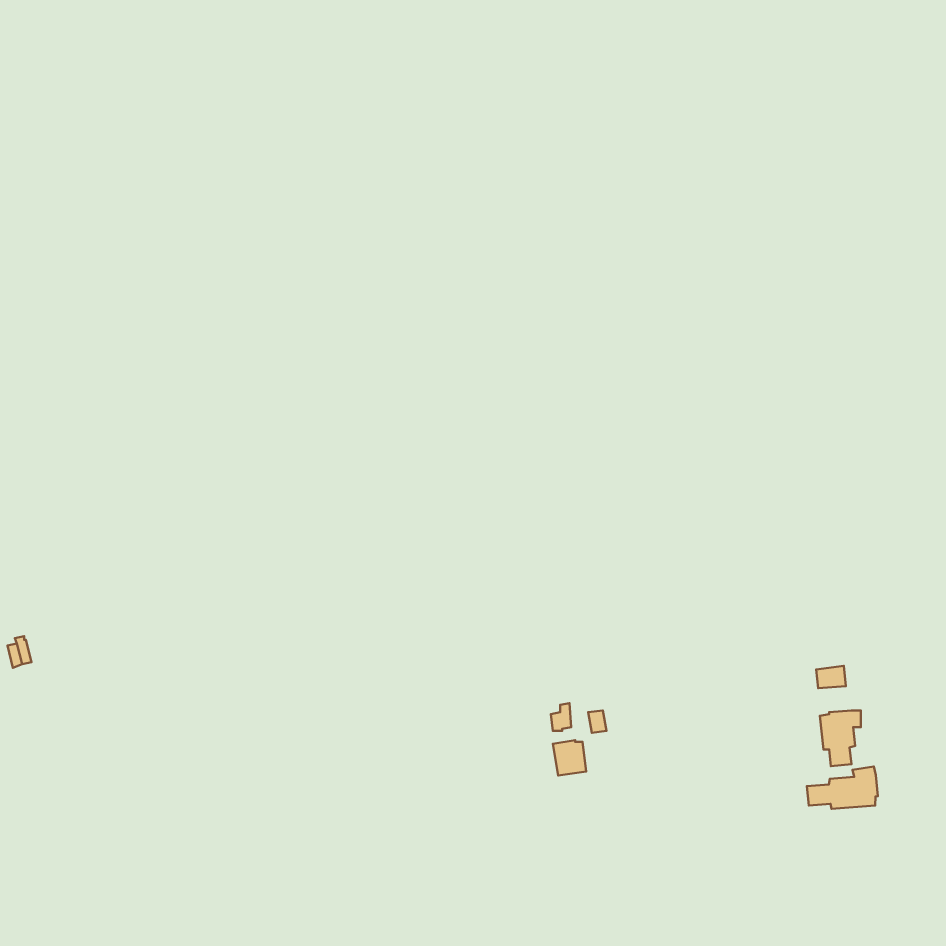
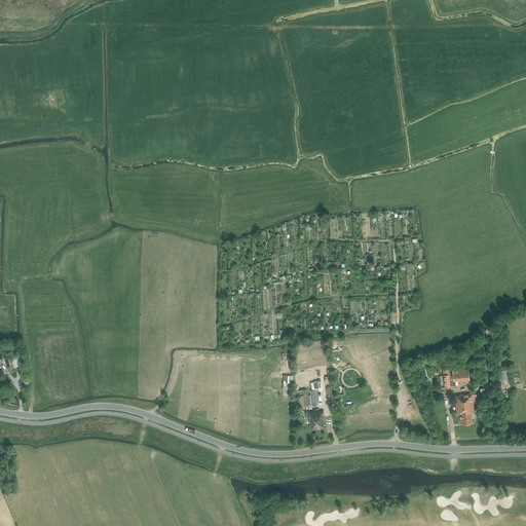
building: [807,767,878,809] -> none

